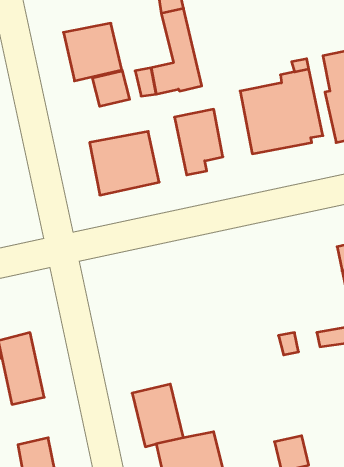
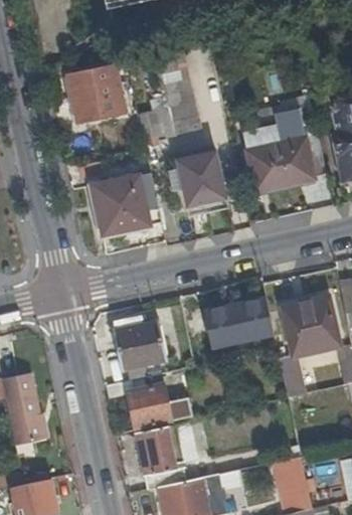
building: [93,71,130,106] -> none
building: none -> [279,294,336,354]
building: none -> [202,297,269,345]
building: none -> [106,316,166,368]
building: none -> [125,372,192,424]

